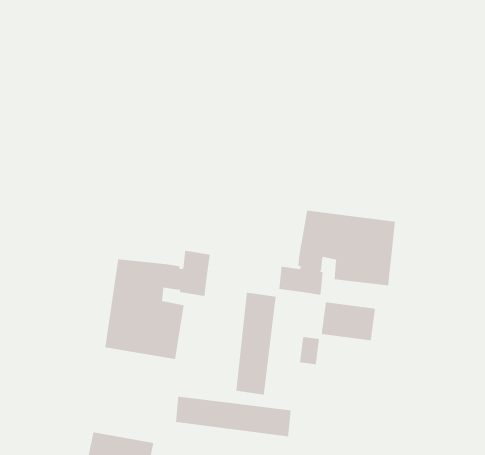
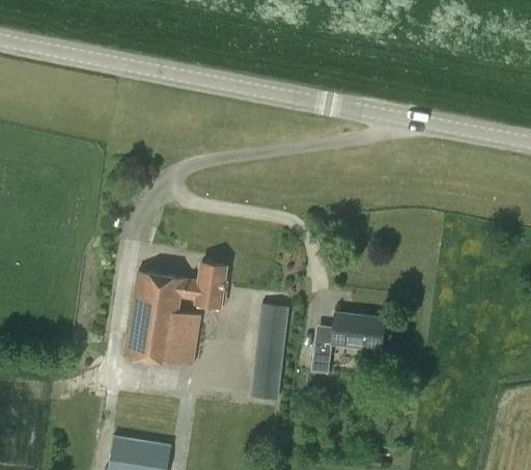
building: [279,210,395,295] -> none
building: [176,396,291,437] -> none

